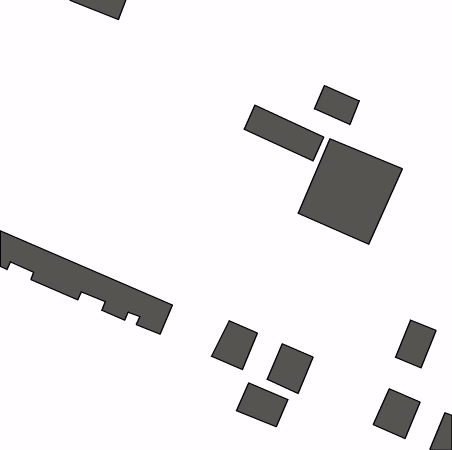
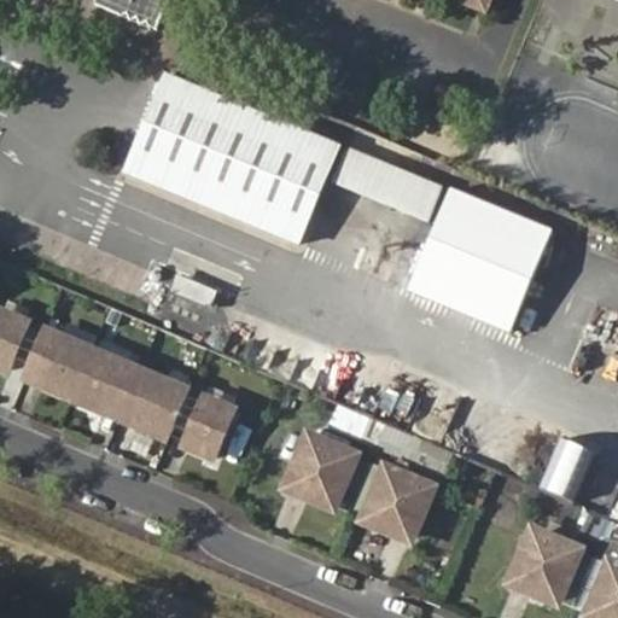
building: none -> [118,66,339,241]
building: [314,86,359,125] -> none
building: [237,383,288,427] -> none

